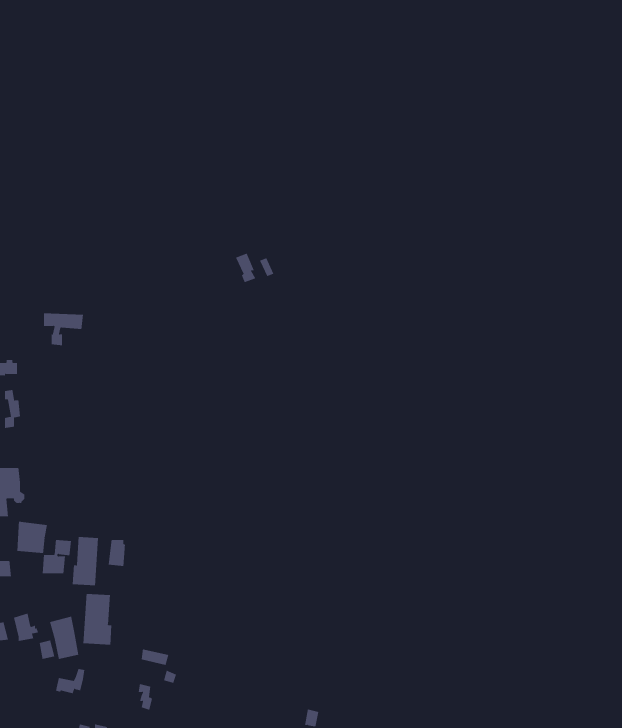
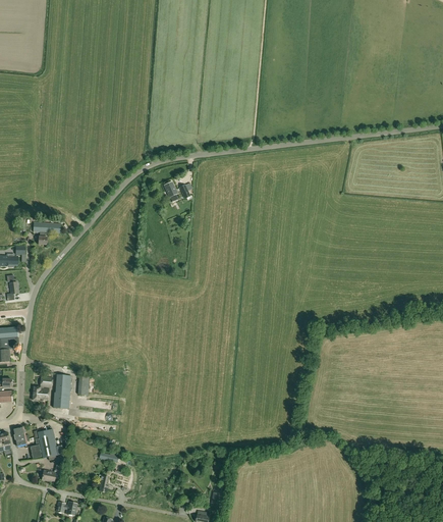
building: [17,521,47,554] -> none
building: [83,593,112,645] -> none

